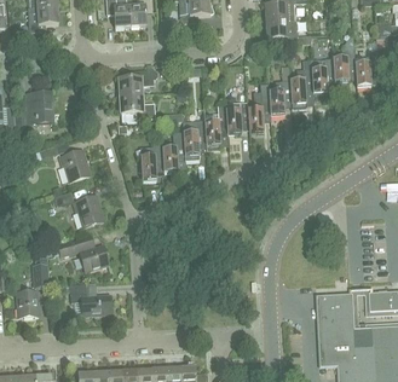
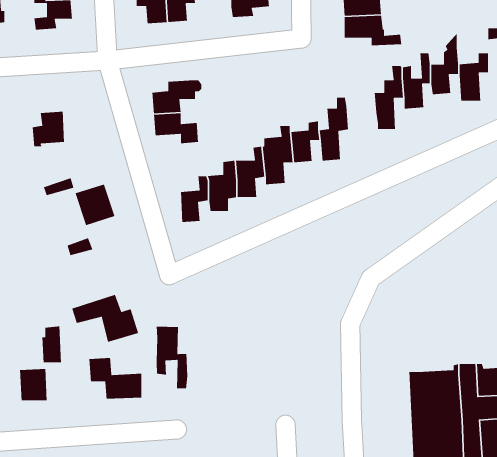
building: [269,79,290,114] -> none
building: [74,195,104,226] -> none
building: none -> [156,326,188,389]

